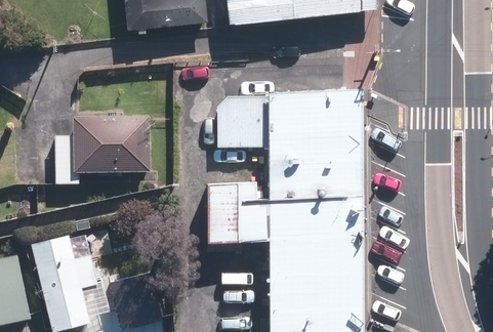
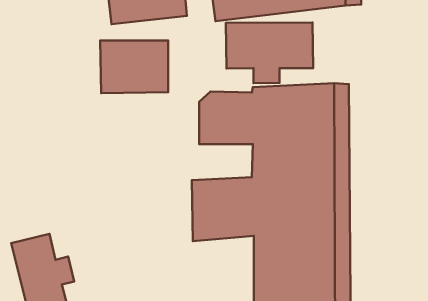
building: none -> [226,23,313,83]
building: [79,120,147,172] -> [100,41,168,93]

